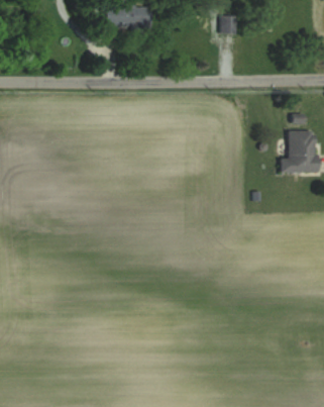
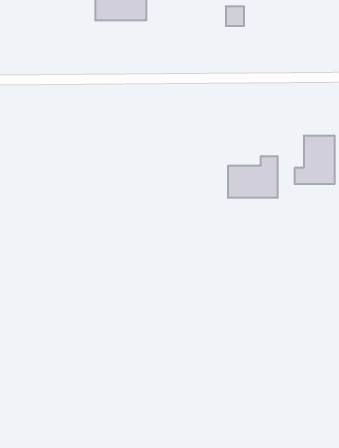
building: none -> [228,156,277,198]

